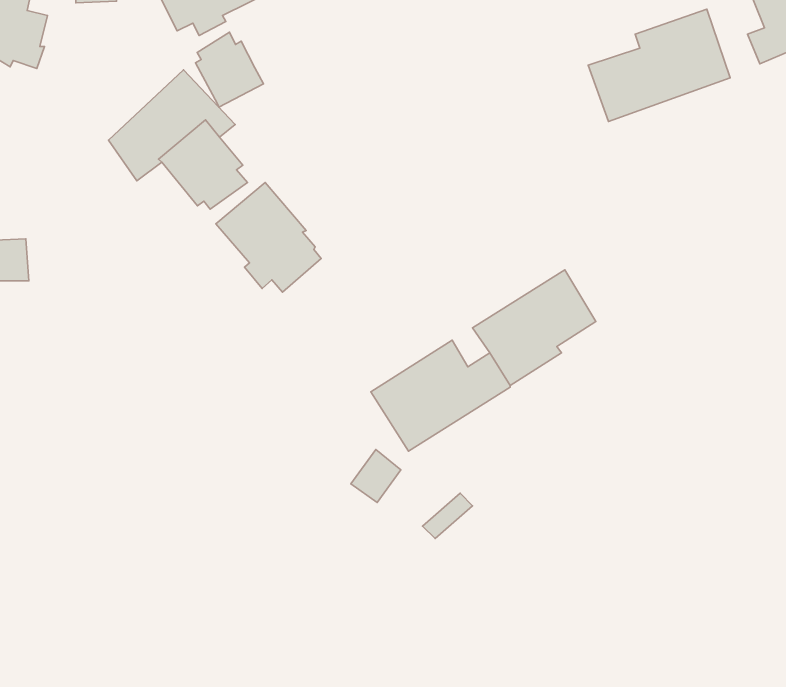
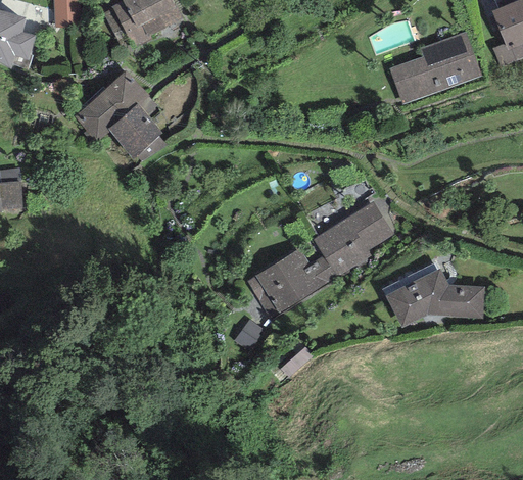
building: [195,32,264,107] -> none
building: [216,183,321,292] -> none
building: none -> [384,269,484,327]

